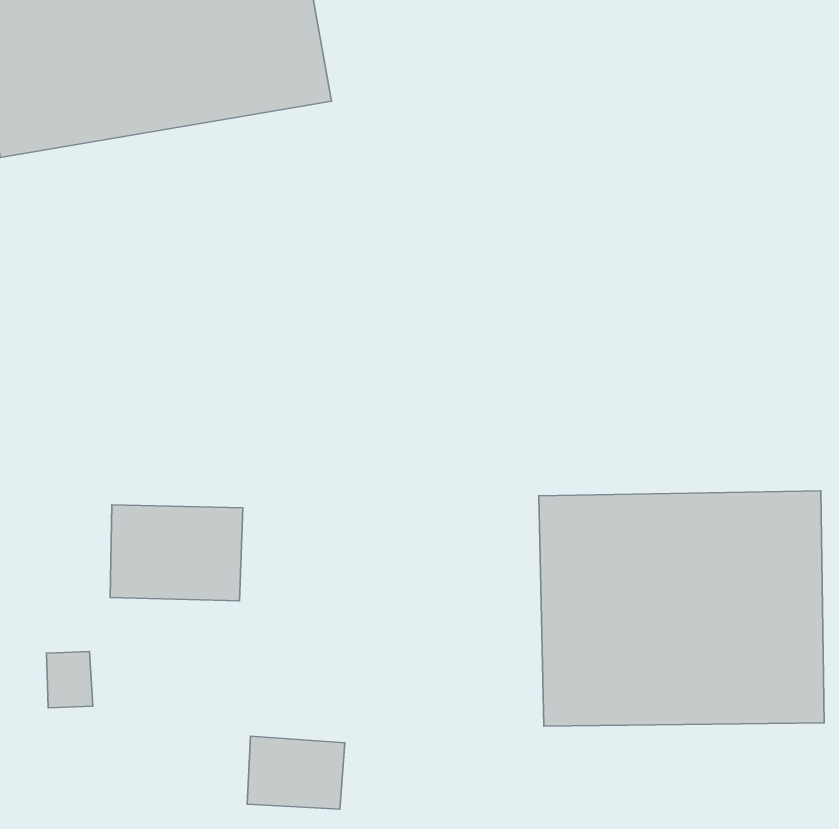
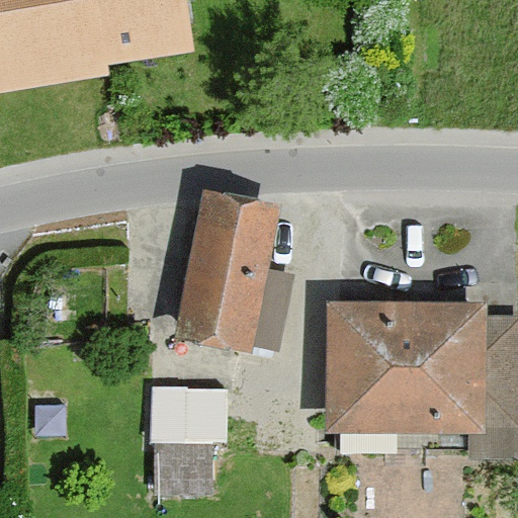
building: none -> [176,187,286,348]
building: [110,505,243,601] -> [146,385,227,444]

